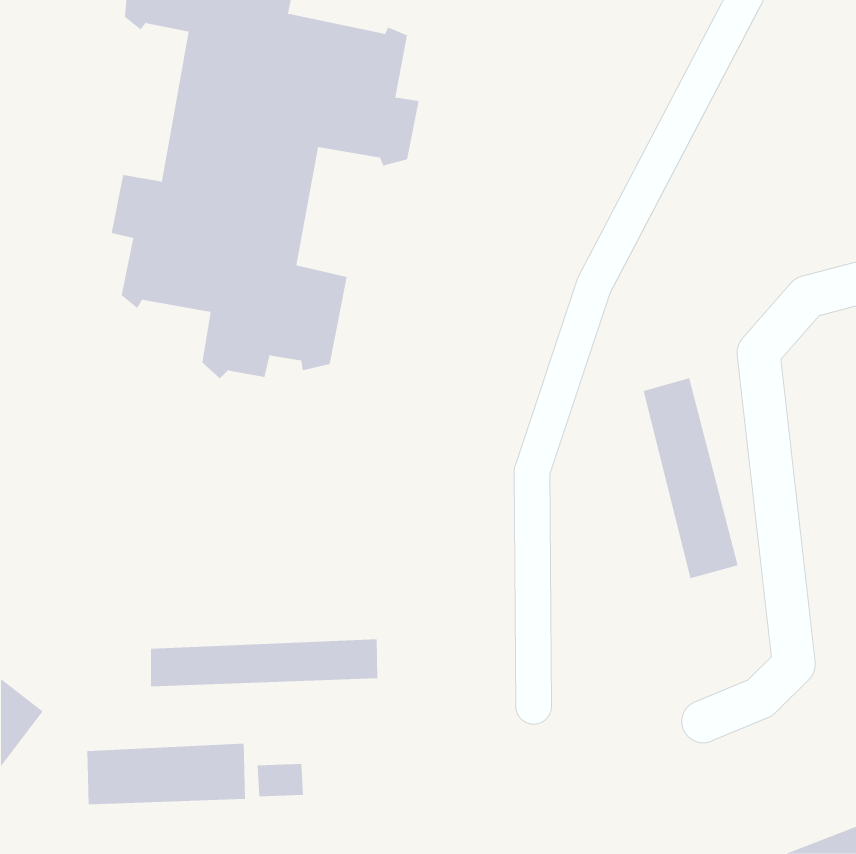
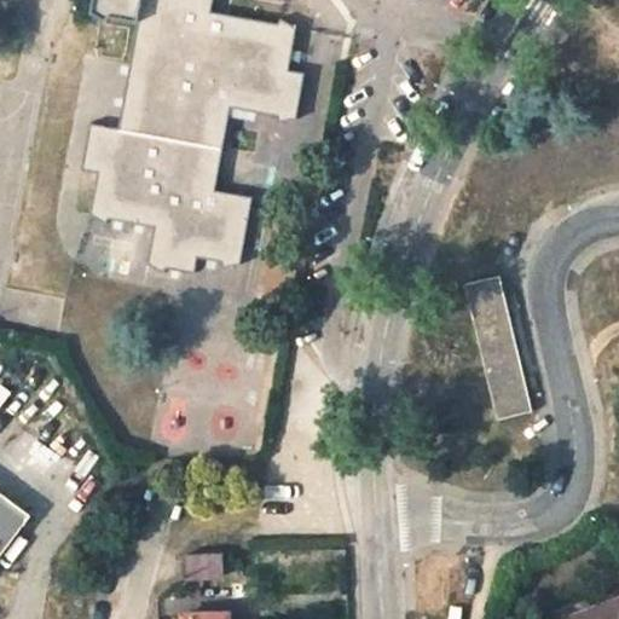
building: [151,639,378,687] -> none
building: [87,743,246,805] -> none

